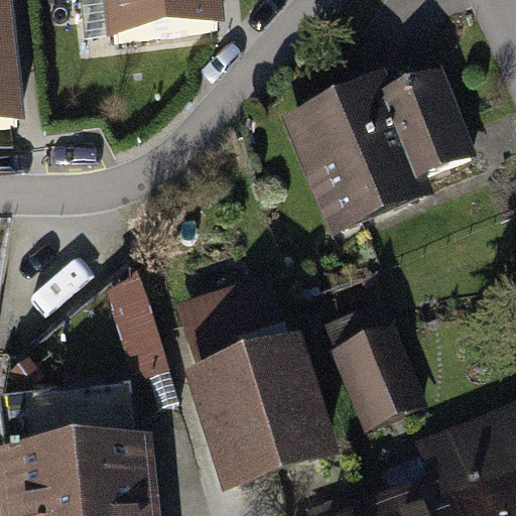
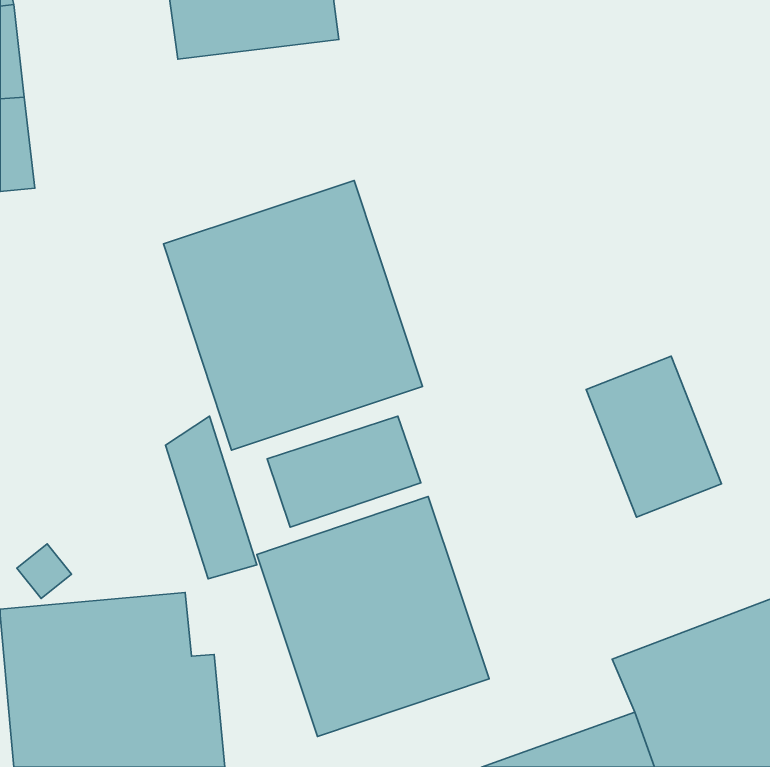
building: [278,70,473,239] -> none
building: none -> [163,180,422,450]
building: [328,326,417,432] -> [586,356,721,517]

